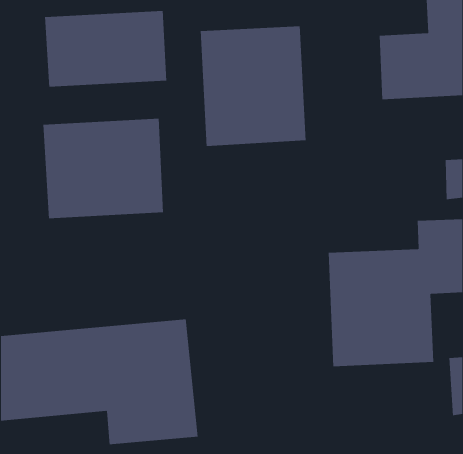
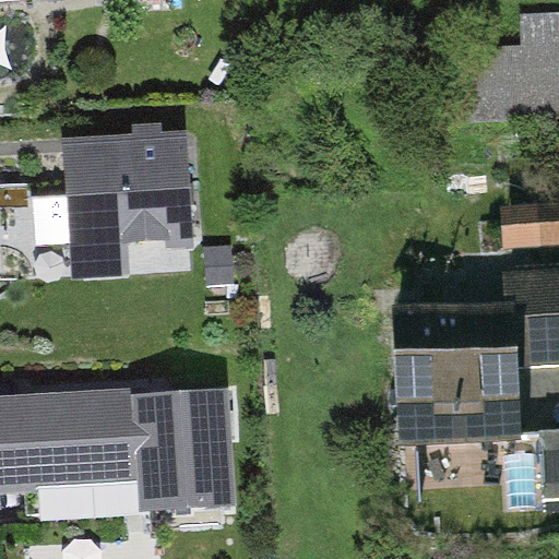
building: [44,10,167,87] -> none
building: [200,25,306,147] -> none

